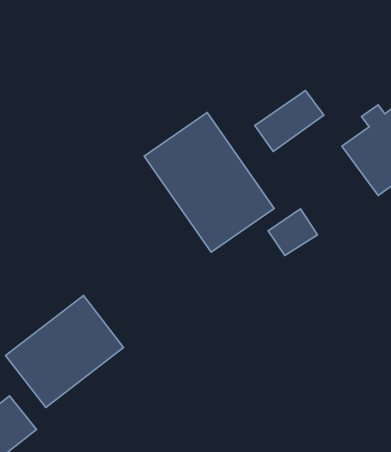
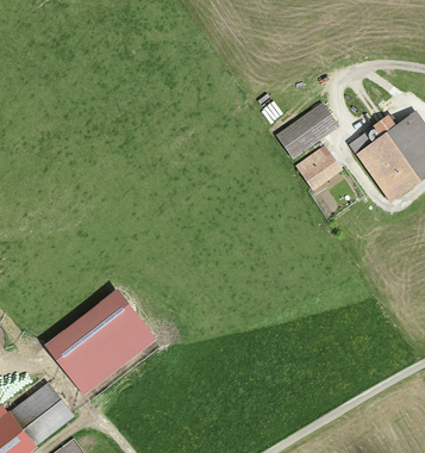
building: [144,113,274,252] -> none
building: [268,209,317,256] -> [296,145,342,188]

